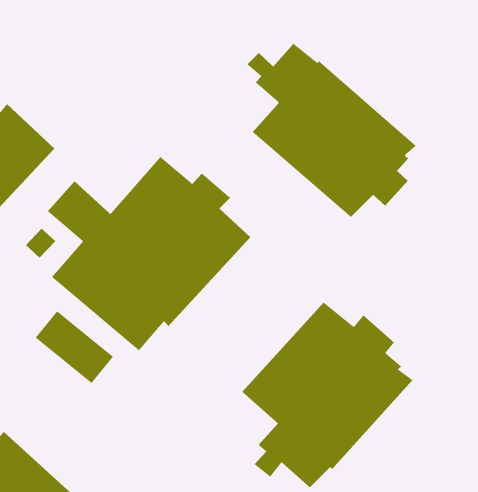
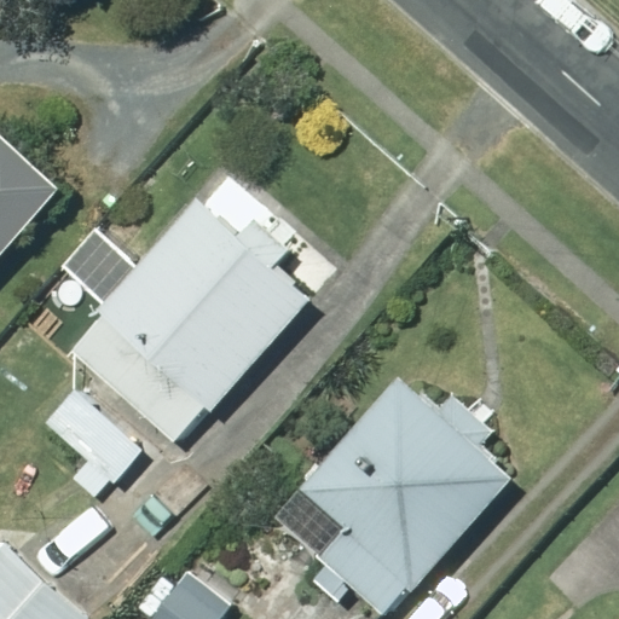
building: [247,43,417,218] -> none

